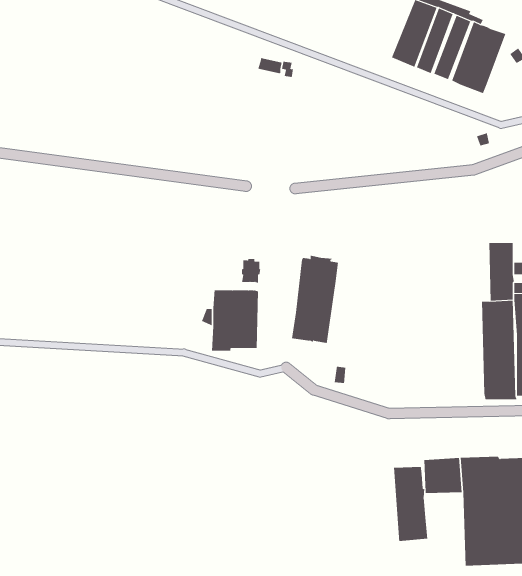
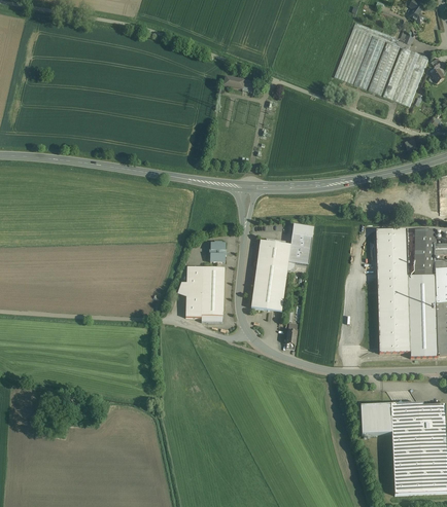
building: none -> [287,223,314,268]
building: none -> [376,228,410,353]
building: [394,466,428,542] -> none

